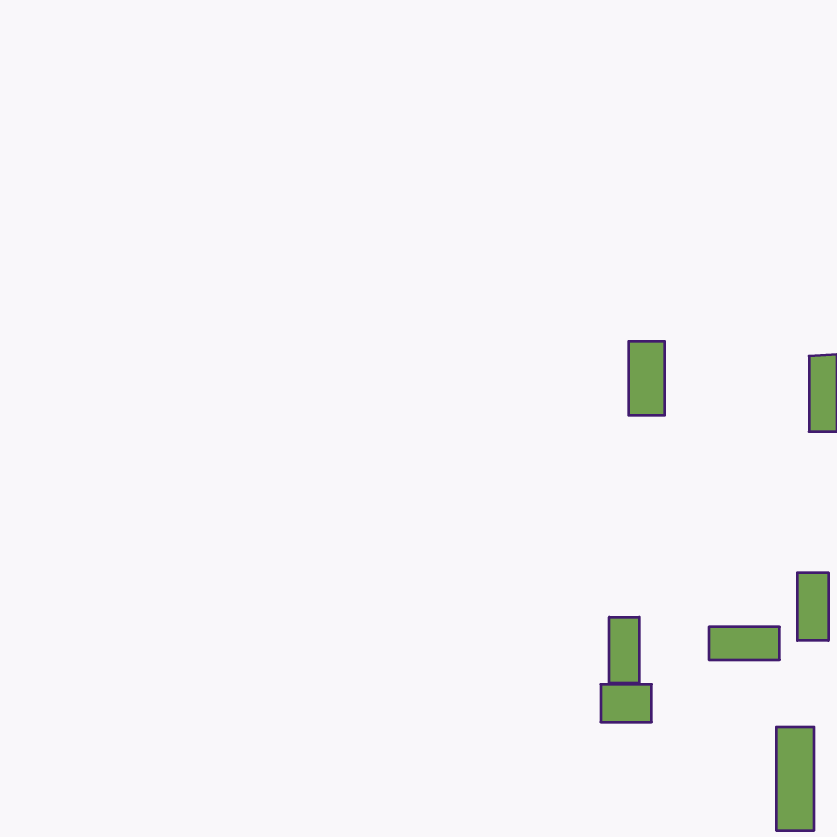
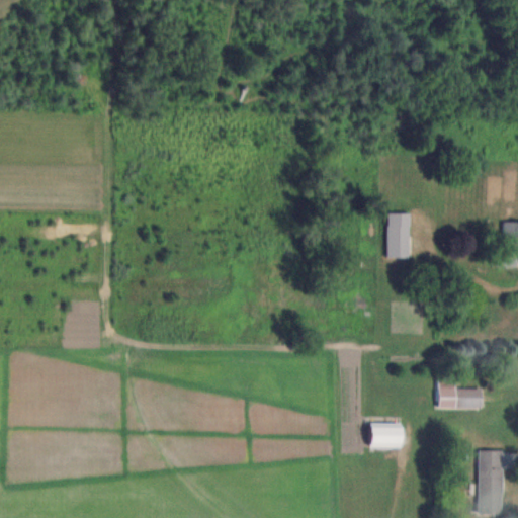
building: [797,573,828,641] -> none
building: [609,617,639,683] -> none

